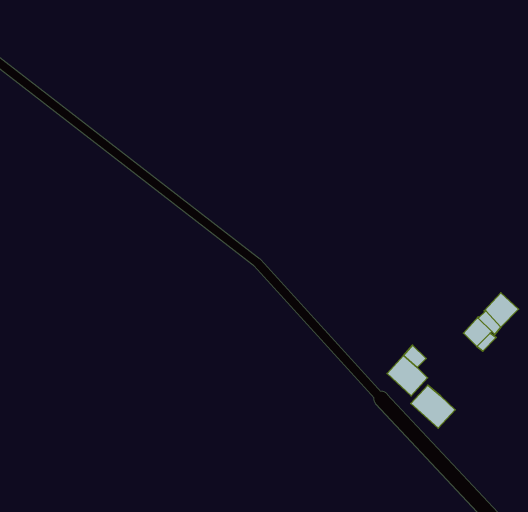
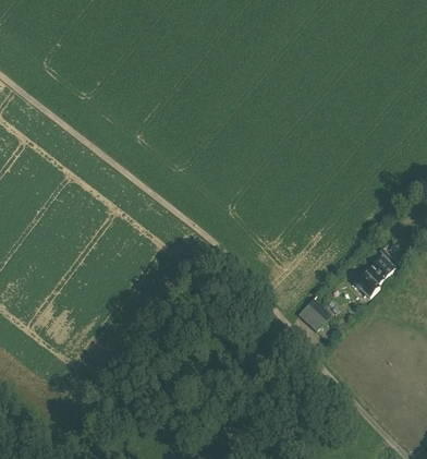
building: [411,385,455,428] -> none

